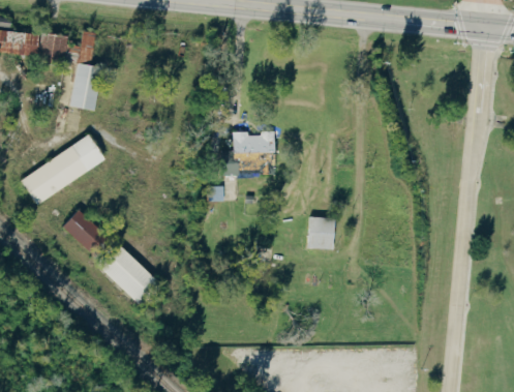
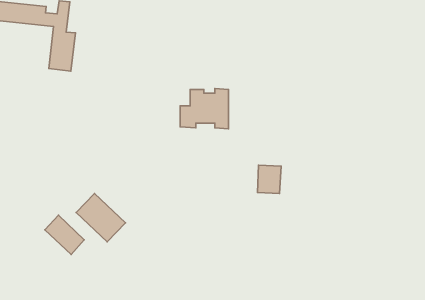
building: [20,134,105,204] -> none
building: [63,210,108,254] -> [45,215,84,254]

